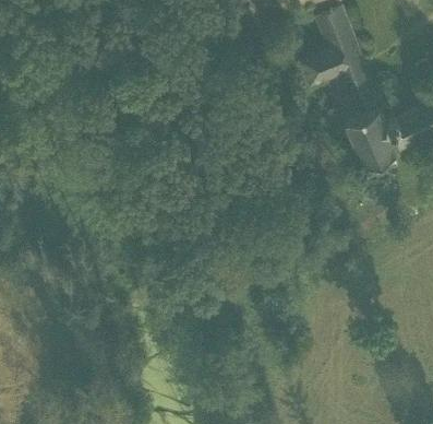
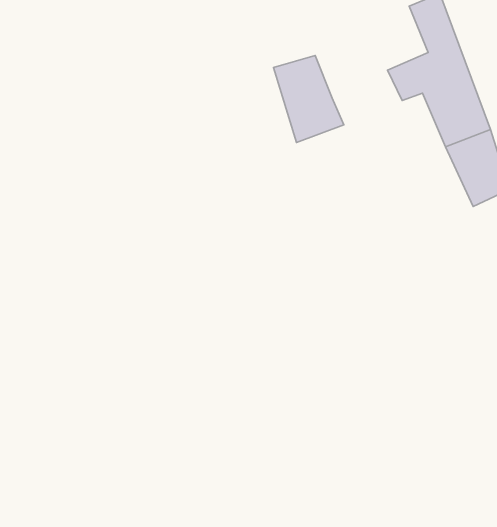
building: none -> [273,55,344,142]

